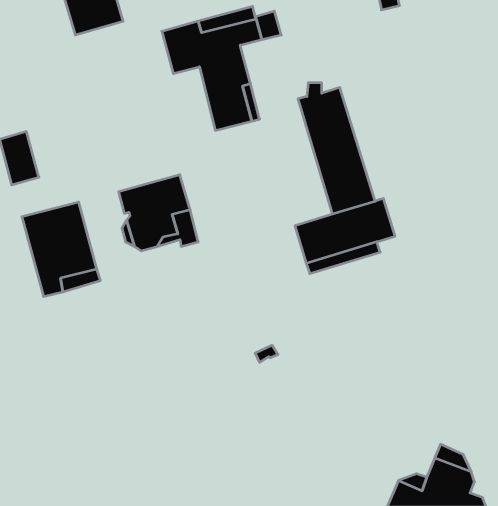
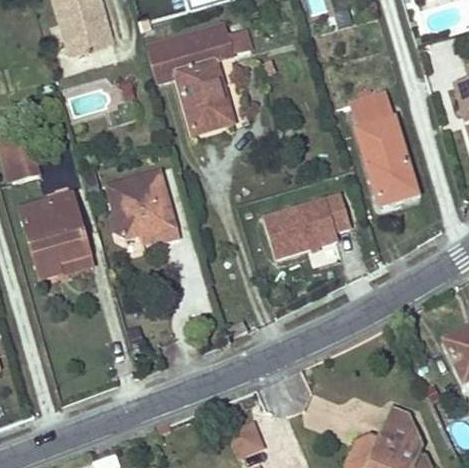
building: [298,83,375,214] -> [350,90,418,205]
building: none -> [228,420,266,459]

